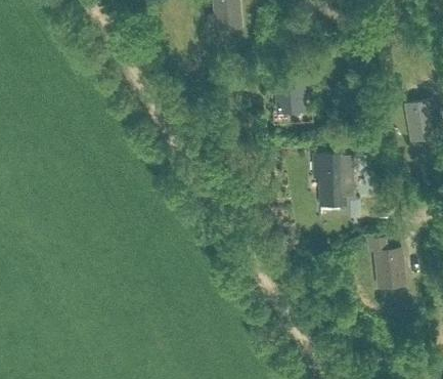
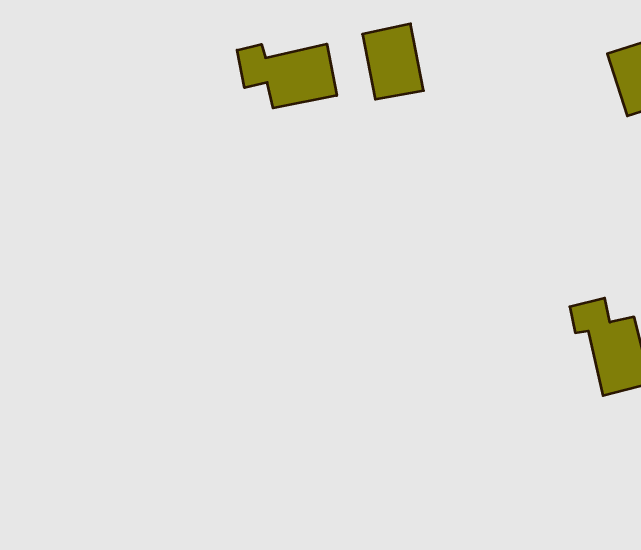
building: none -> [237,44,337,108]
building: [313,156,354,206] -> none

